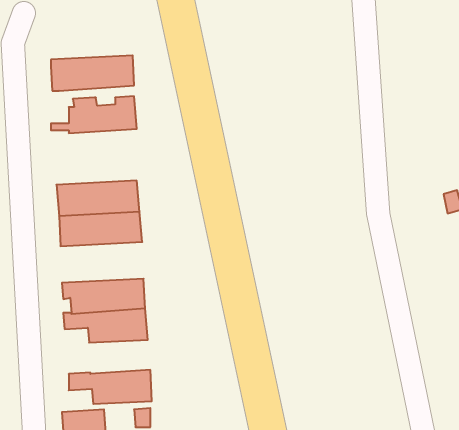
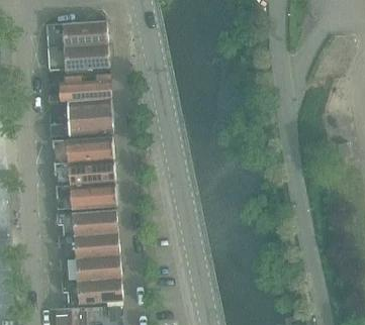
building: none -> [45,21,107,48]
building: none -> [66,101,111,136]
building: none -> [54,184,116,210]
building: none -> [58,256,120,282]

